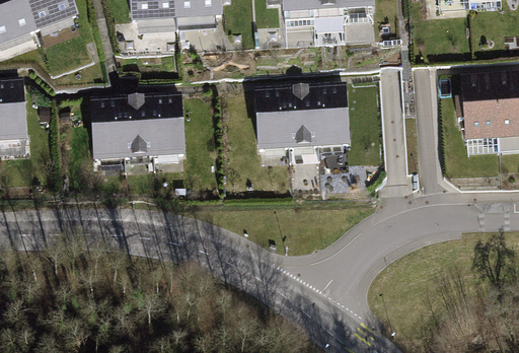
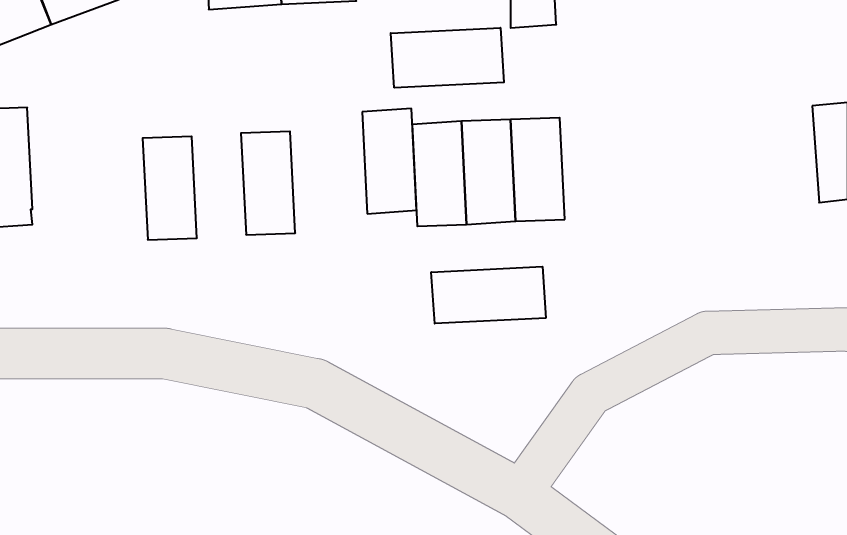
building: none -> [391,28,504,88]
building: [456,80,499,141] -> none
building: [124,97,156,160] -> [362,109,416,214]
building: none -> [431,267,546,324]

